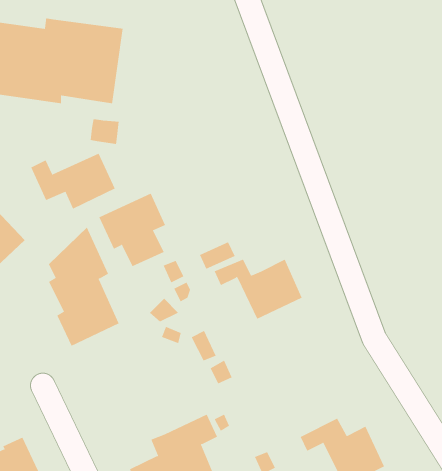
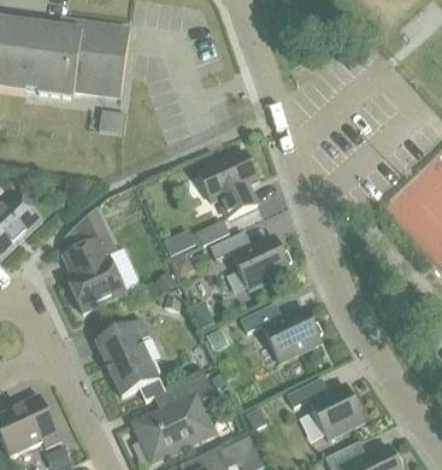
building: [30,153,115,209] -> none
building: [99,193,166,267] -> [198,151,258,217]
building: none -> [240,307,320,362]
building: none -> [94,317,165,401]

